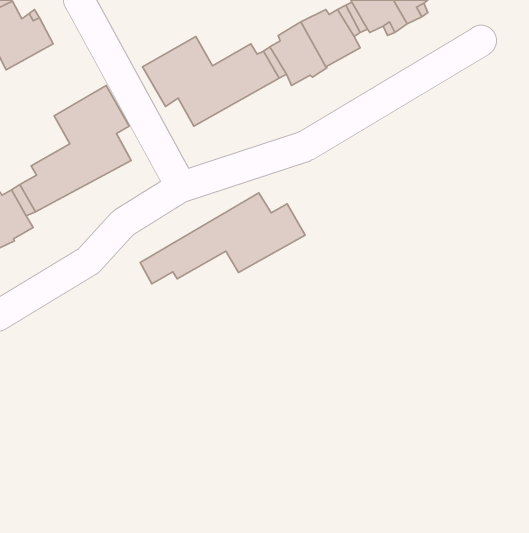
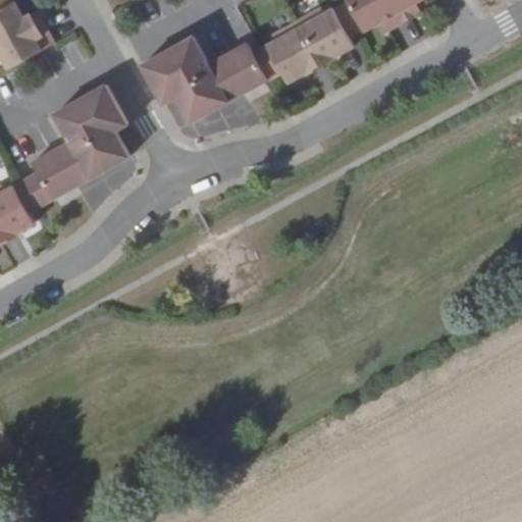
building: [140,193,305,284] -> none

